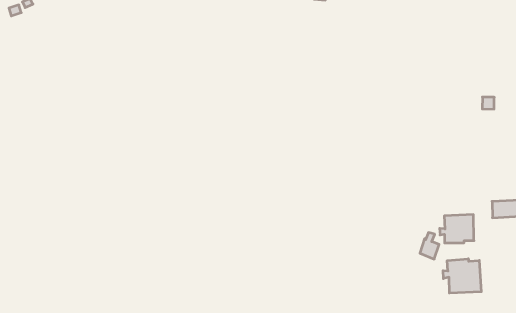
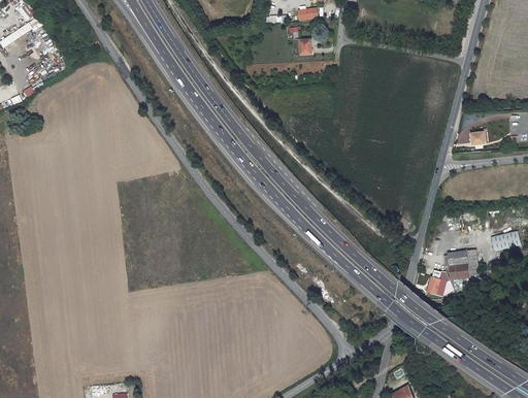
building: [443,259,481,293] -> none

